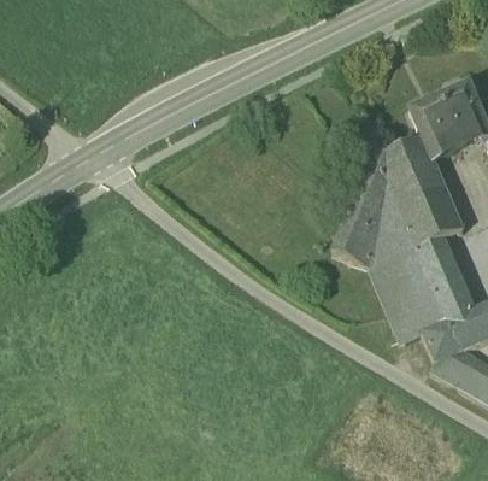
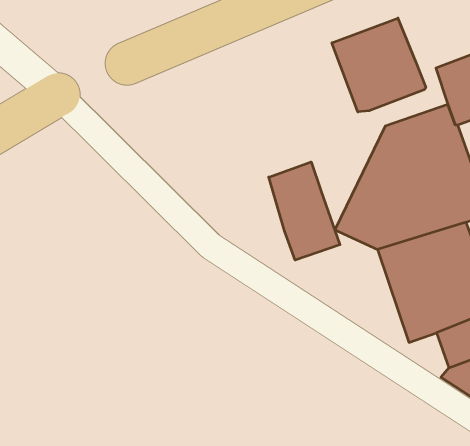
building: none -> [332,18,426,112]
building: none -> [269,162,340,260]

